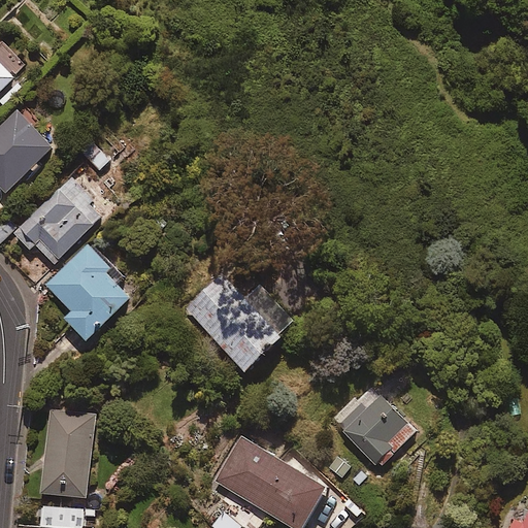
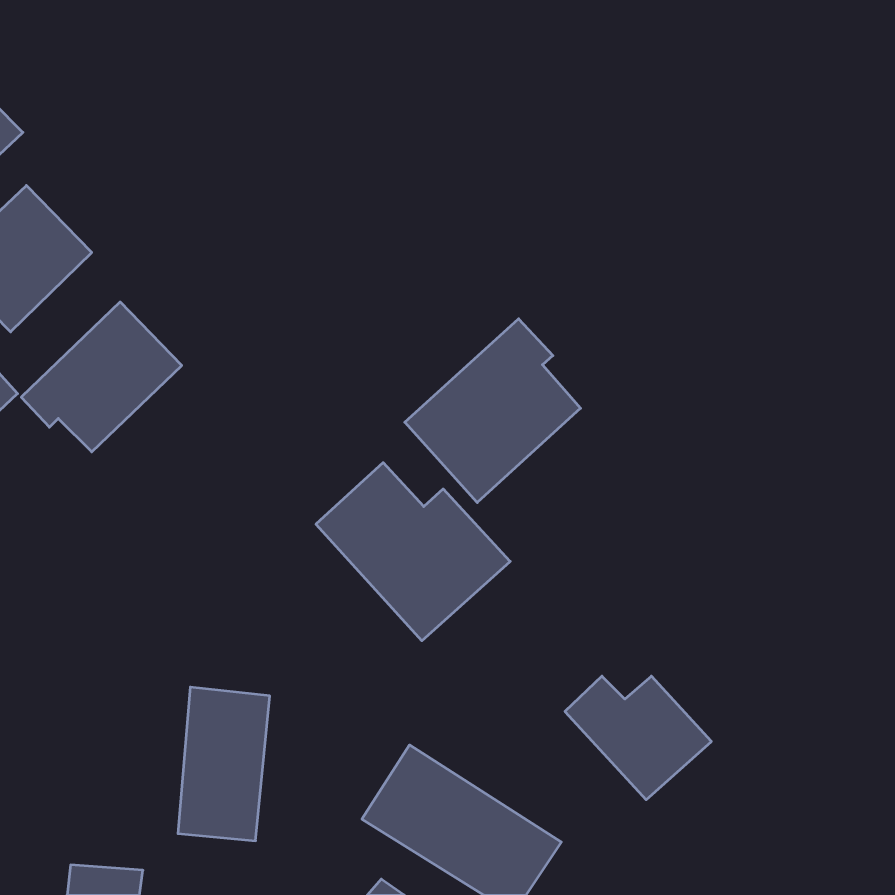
building: none -> [405,319,581,503]
building: [45,244,131,342] -> none
building: [41,408,95,498] -> [178,687,270,841]

